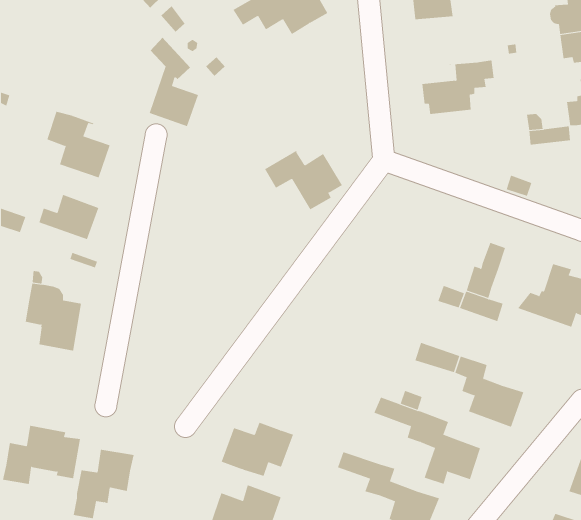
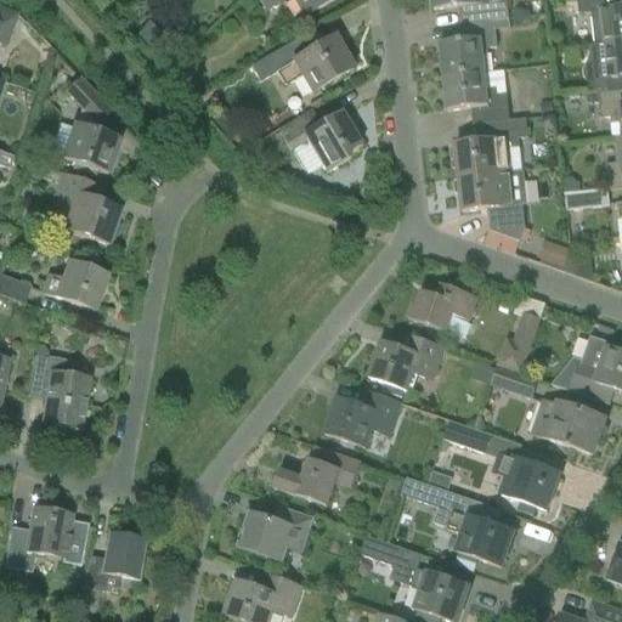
building: none -> [443,70,510,121]
building: [149,37,199,127] -> [66,75,119,171]
building: none -> [459,169,528,239]
building: [264,150,343,210] -> [277,106,361,170]
building: none -> [408,282,479,330]
building: none -> [369,332,443,389]
building: none -> [324,388,401,446]
building: none -> [532,400,605,452]
building: none -> [273,443,363,505]

